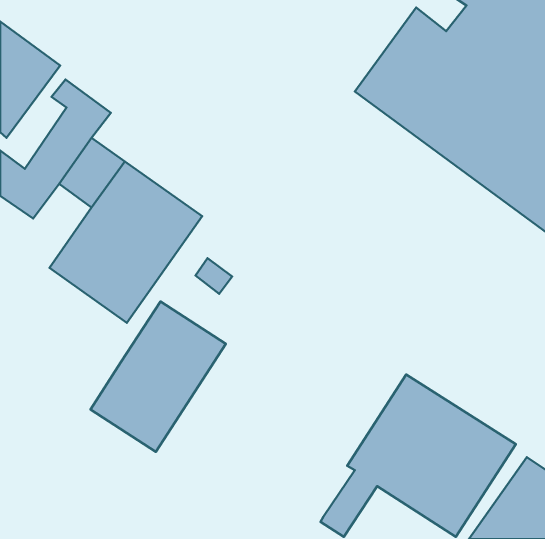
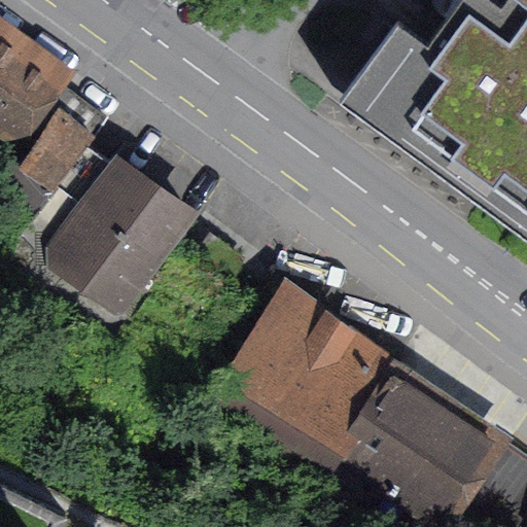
building: none -> [197,286,393,494]
building: [90,301,226,452] -> none

